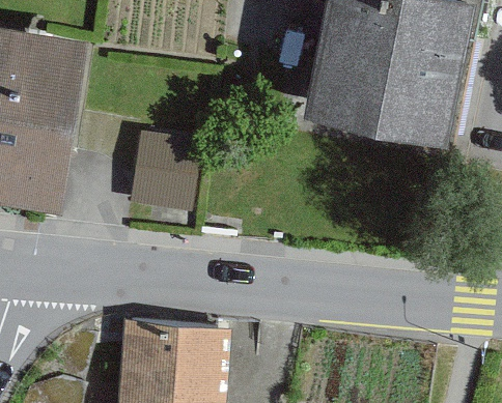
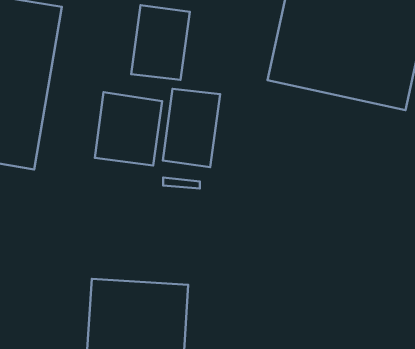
building: none -> [131,5,190,80]
building: none -> [163,89,220,167]

